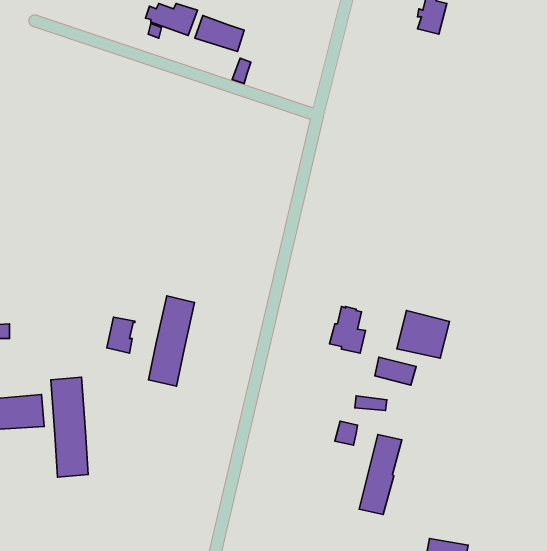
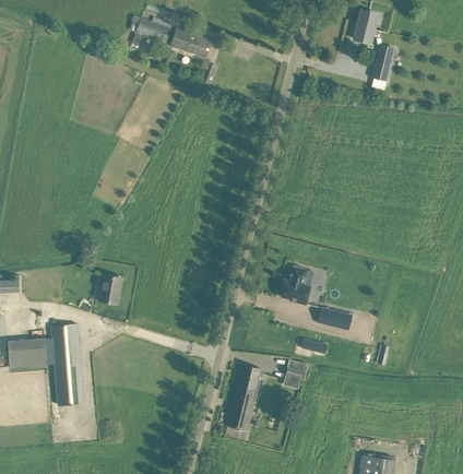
building: none -> [370,45,394,81]
building: [149,296,195,386] -> none
building: [397,310,449,358] -> none
building: [359,434,402,514] -> [227,365,262,430]

